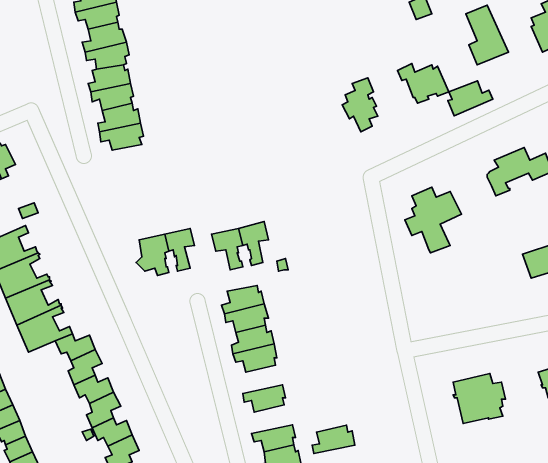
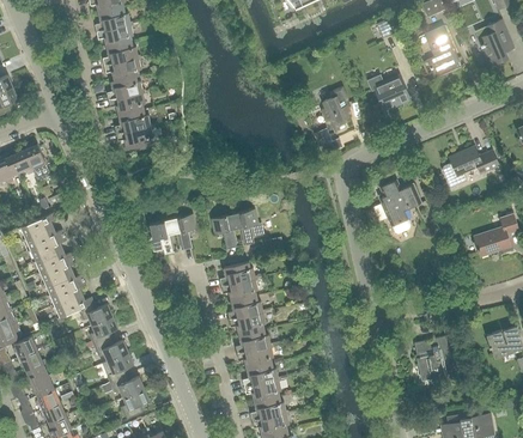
building: [448,81,493,116] -> none
building: none -> [235,329,270,353]
building: [312,425,355,454] -> [243,363,279,387]

